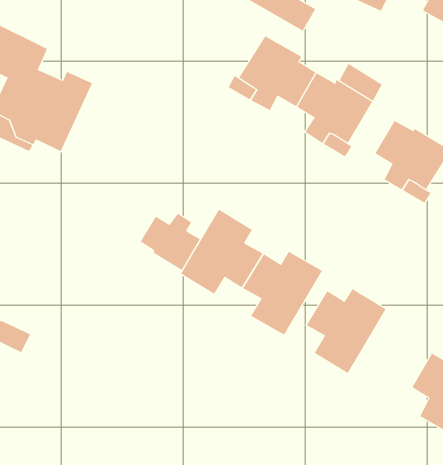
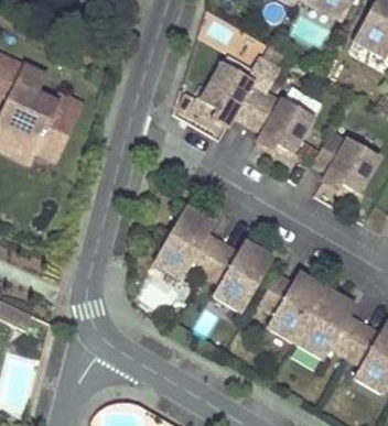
building: [140,213,201,271] -> none
building: none -> [293,290,363,361]

